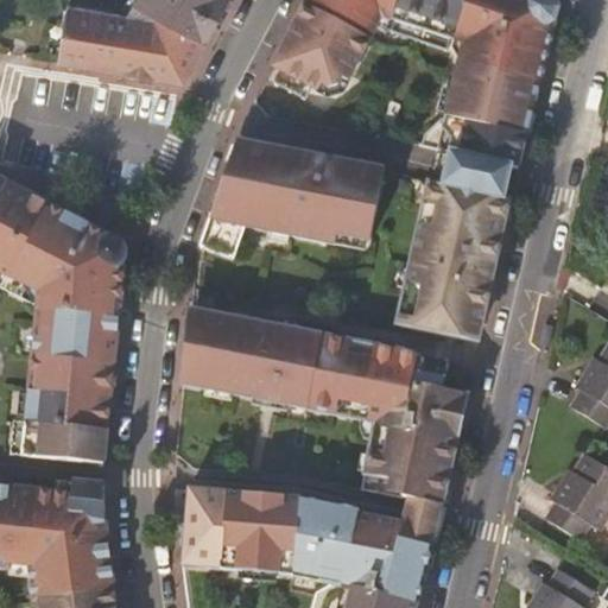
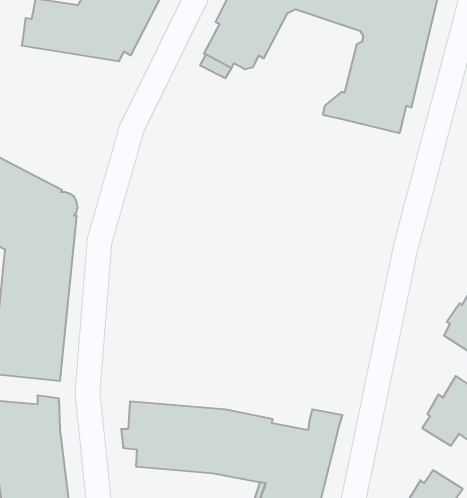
building: [200,137,386,254] -> none
building: [403,146,513,338] -> none
building: [183,308,468,504] -> none

